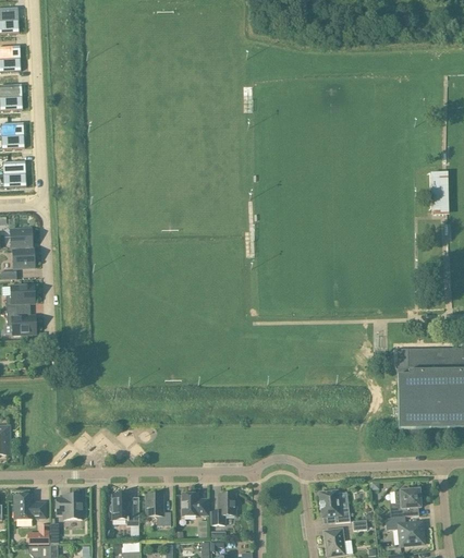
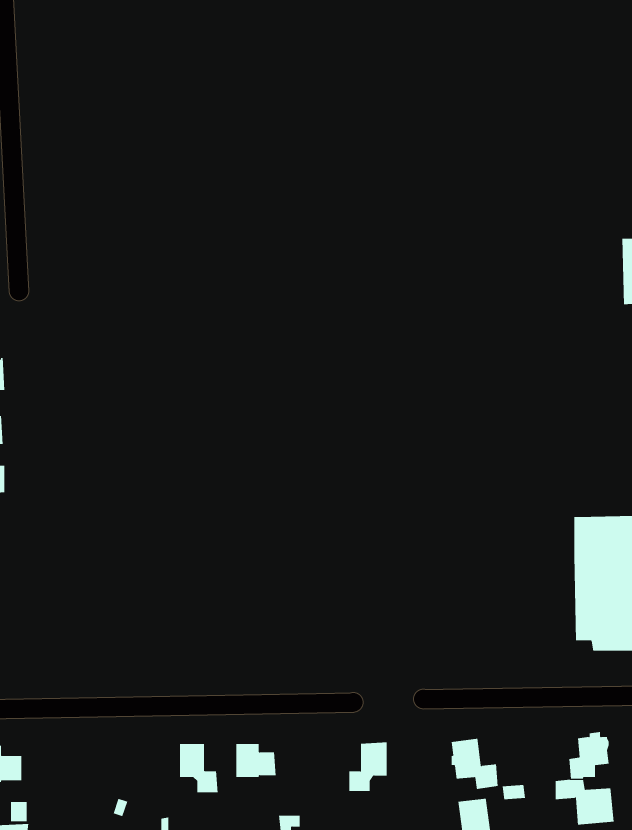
building: [210,492,235,523] -> [348,742,388,791]
building: [56,494,82,518] -> none
building: [110,494,138,524] -> none

